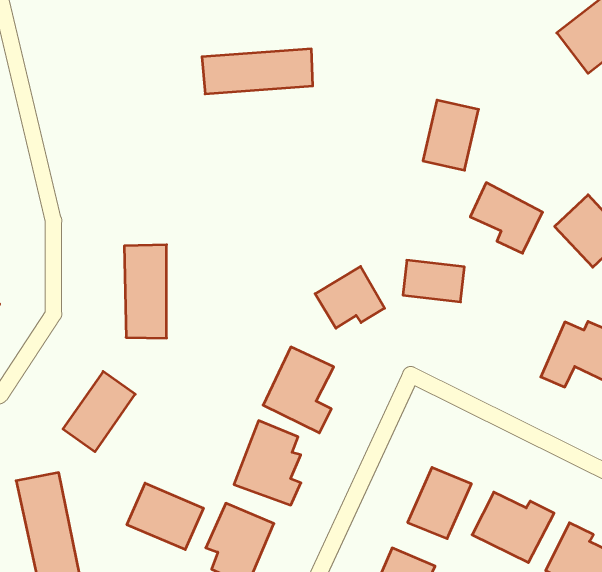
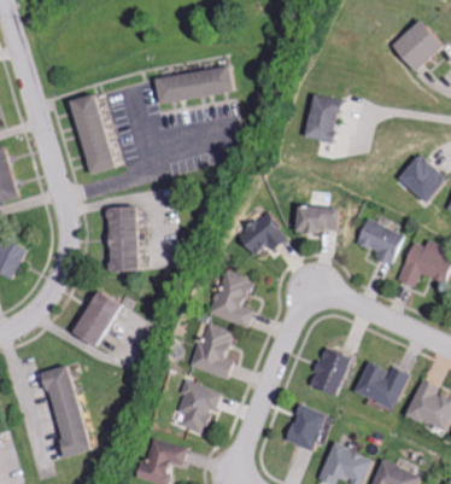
building: none -> [71,92,116,169]
building: [470,183,543,253] -> [355,218,404,266]
building: [127,483,203,550] -> none

